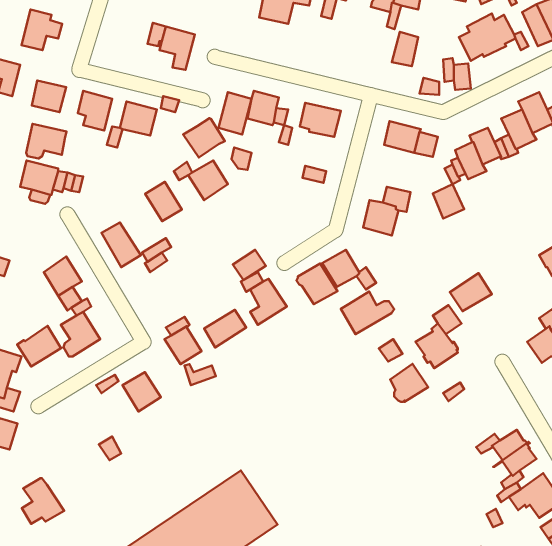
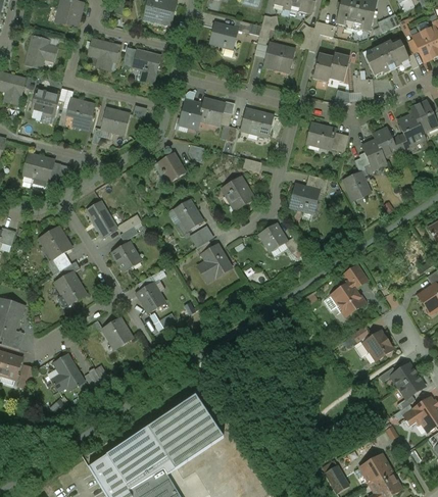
building: none -> [88,38,119,70]
building: none -> [264,43,293,67]
building: none -> [329,53,349,80]
building: [183,118,225,158] -> none
building: [26,124,66,158] -> none
building: [145,182,182,221] -> [174,199,202,230]
building: [297,263,337,304] -> [222,177,253,208]
building: none -> [112,240,140,270]
building: [450,273,492,311] -> none
building: [341,292,394,334] -> none
building: [204,310,246,347] -> none
building: [17,326,62,366] -> none
building: [390,364,428,402] -> [363,330,393,359]
building: [22,478,64,524] -> [51,354,84,390]

